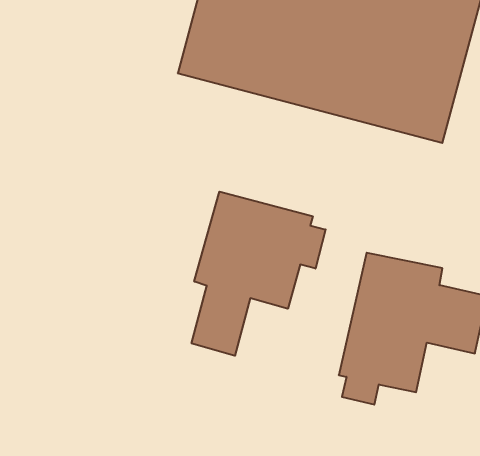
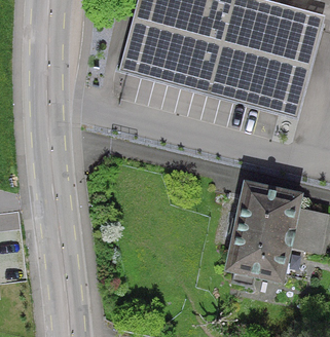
building: [192,192,326,356] -> none

